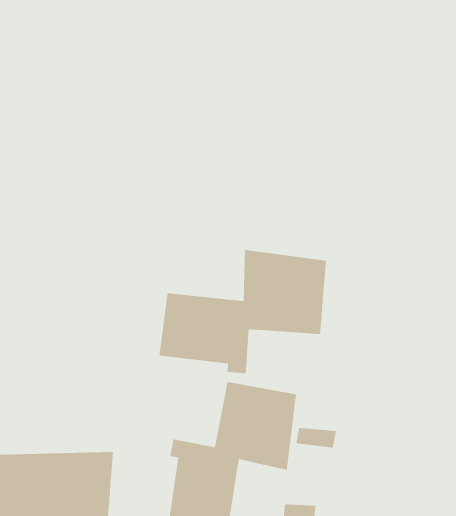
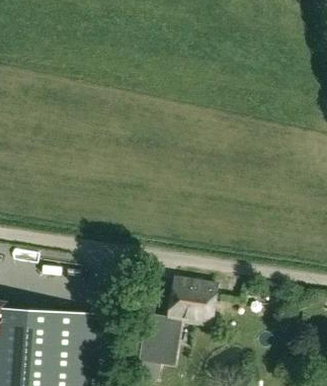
building: [159,249,327,374] -> none

